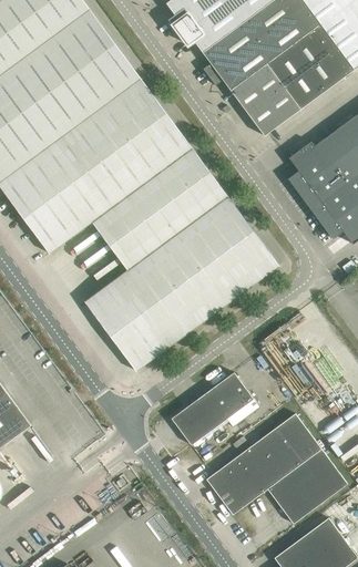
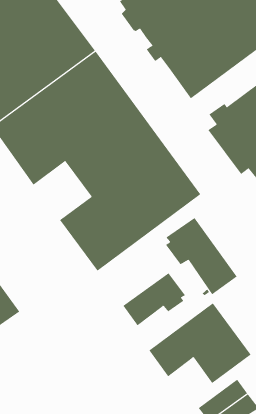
building: none -> [165,217,238,295]

